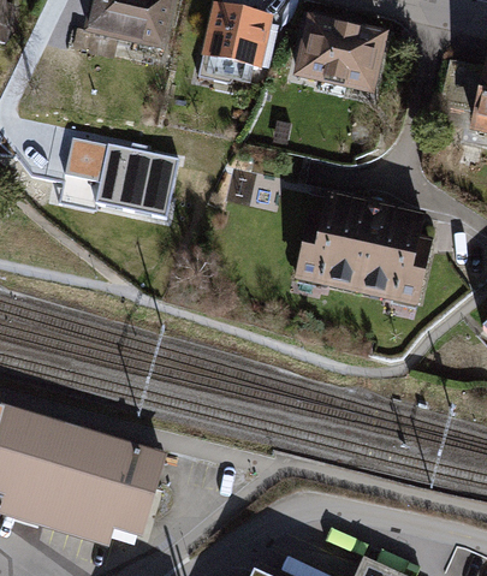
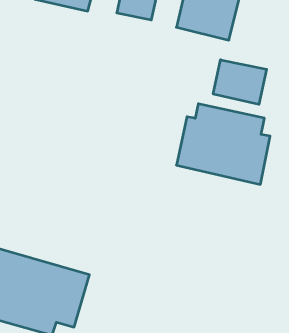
building: none -> [213,60,267,104]
building: [65,139,179,219] -> none

